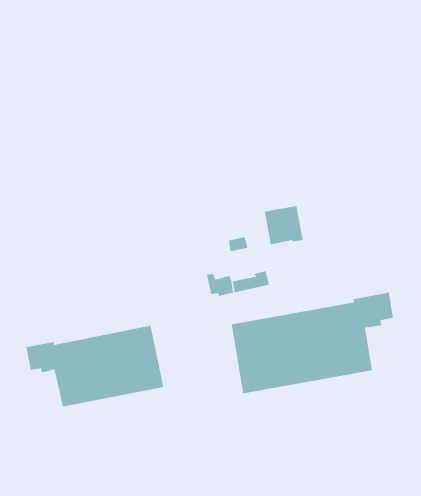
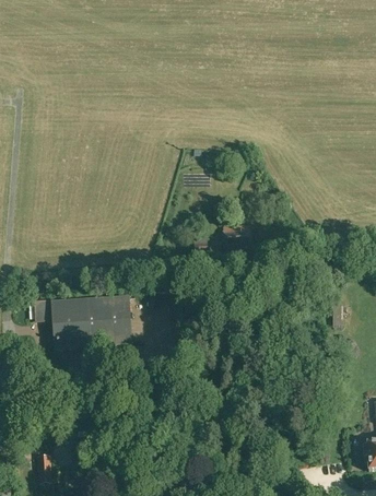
building: [231,292,394,394] -> none

